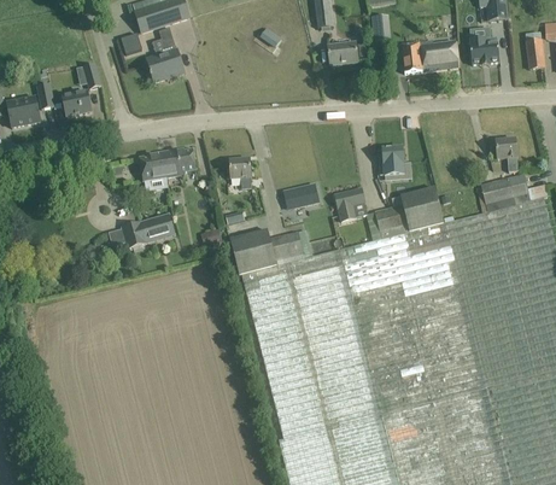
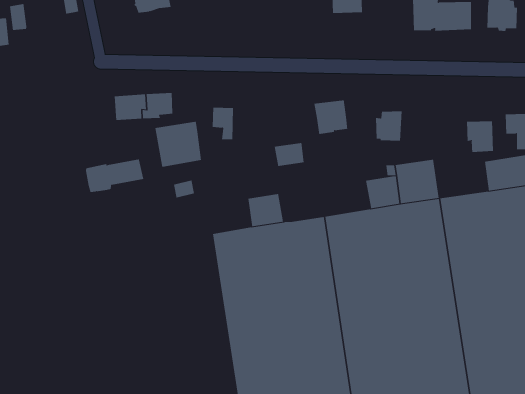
building: [62,90,90,116] -> none
building: none -> [467,121,493,153]
building: [333,187,367,221] -> [313,100,348,134]
building: [229,229,275,274] -> [155,121,202,167]

